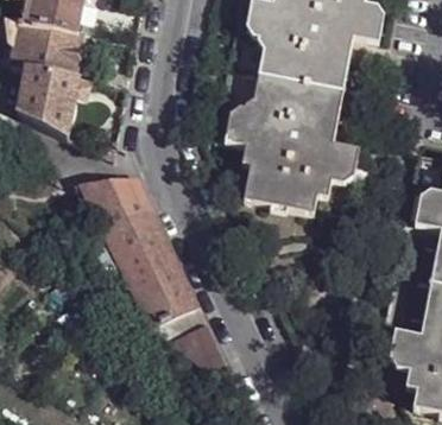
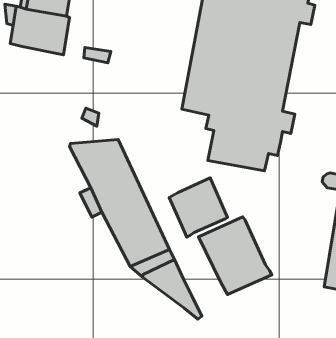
building: [19,70,94,139] -> none
building: none -> [169,178,227,237]
building: none -> [199,217,272,295]

